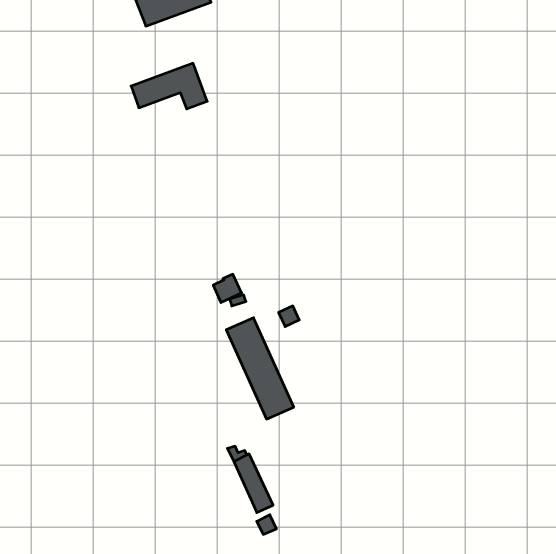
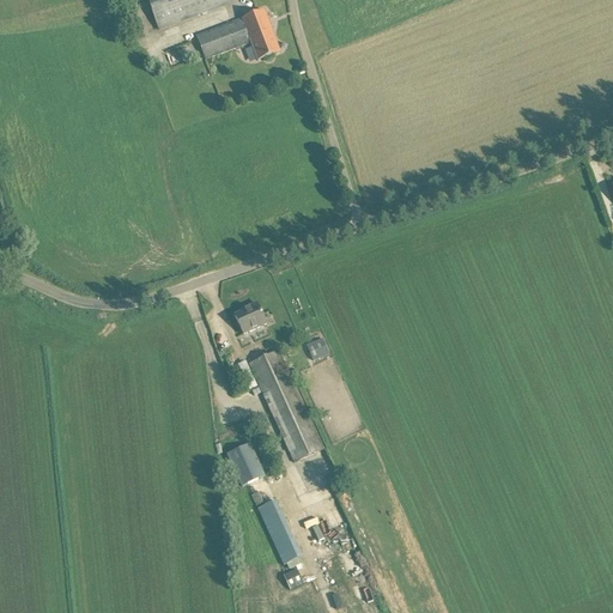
building: [131,63,207,109] -> [196,8,280,59]
building: none -> [226,442,263,485]

